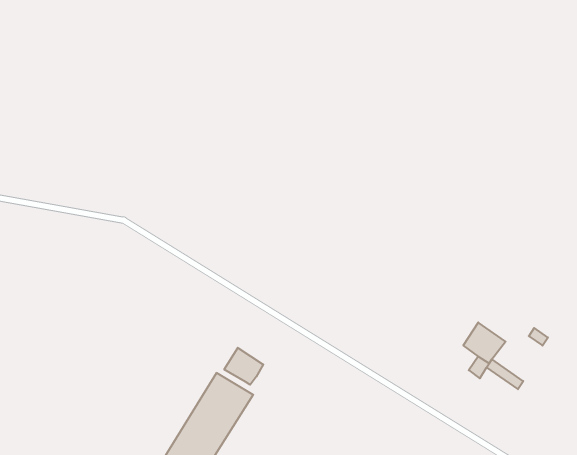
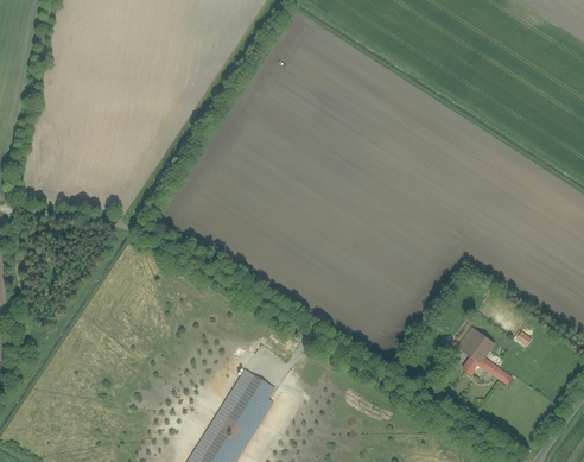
building: [224,348,263,385] -> none

